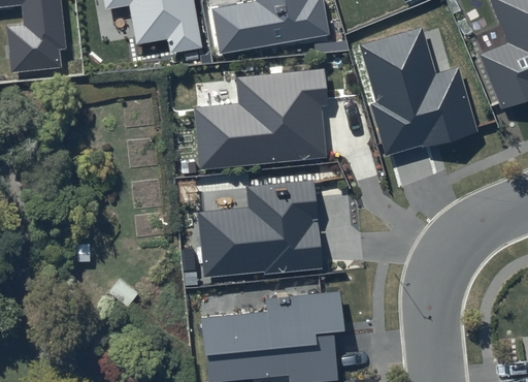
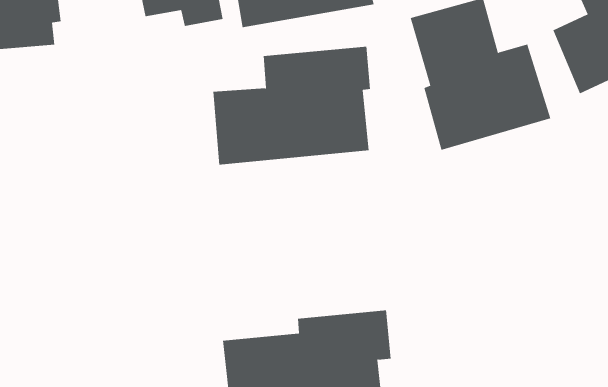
building: [198,180,322,279] -> none

